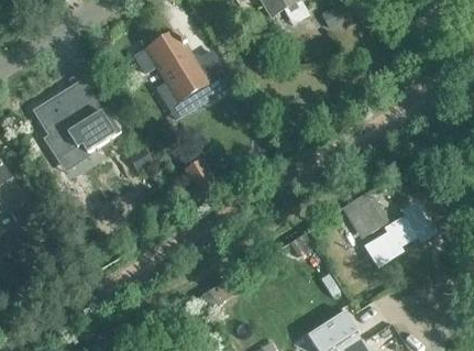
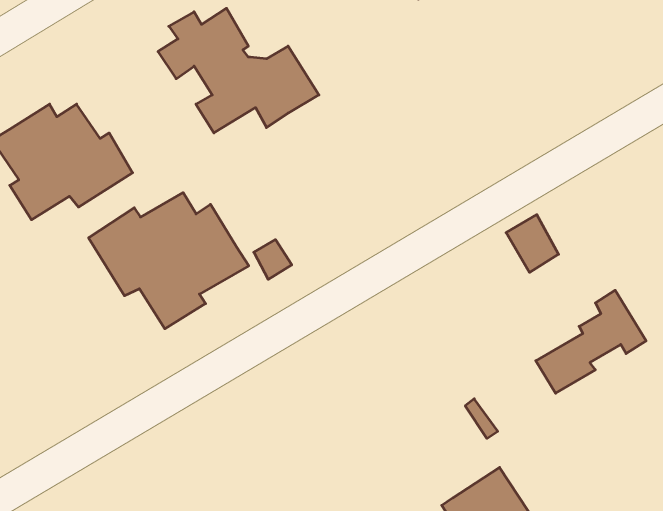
building: none -> [89,193,249,329]
building: [356,197,388,232] -> [506,215,559,272]

